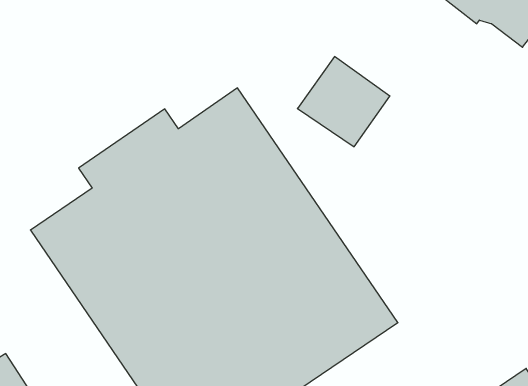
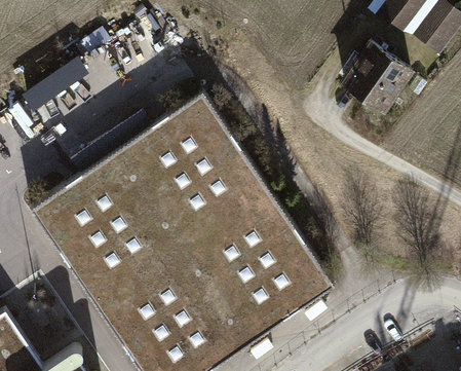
building: [297,57,390,147] -> [341,44,418,119]

